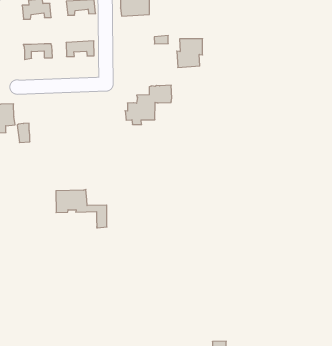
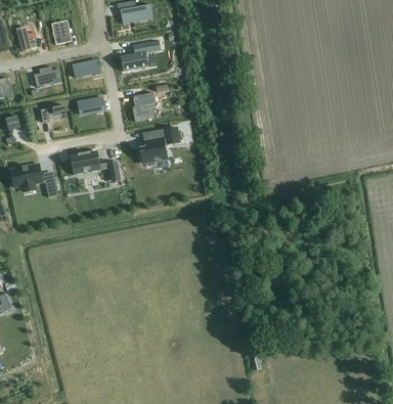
building: [177,39,203,67] -> [131,92,155,121]
building: [56,189,107,228] -> [70,149,120,182]

